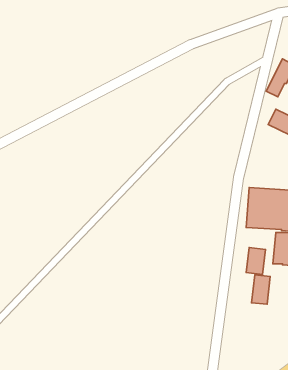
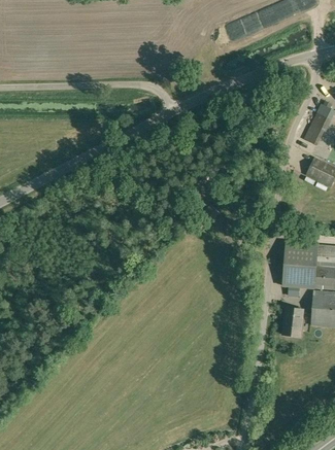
building: [251,275,270,304] -> none

